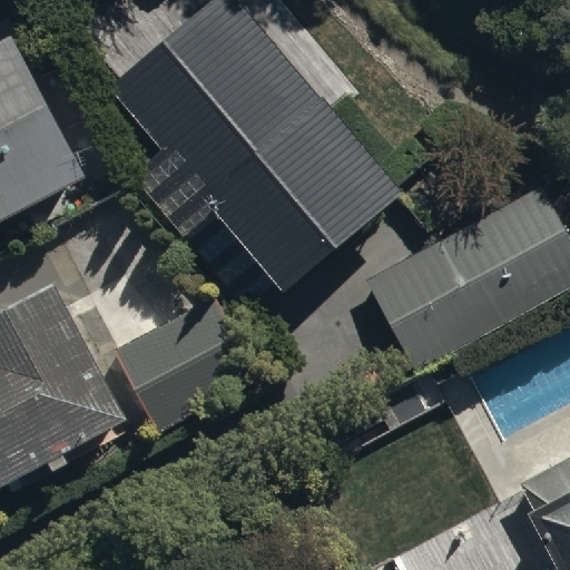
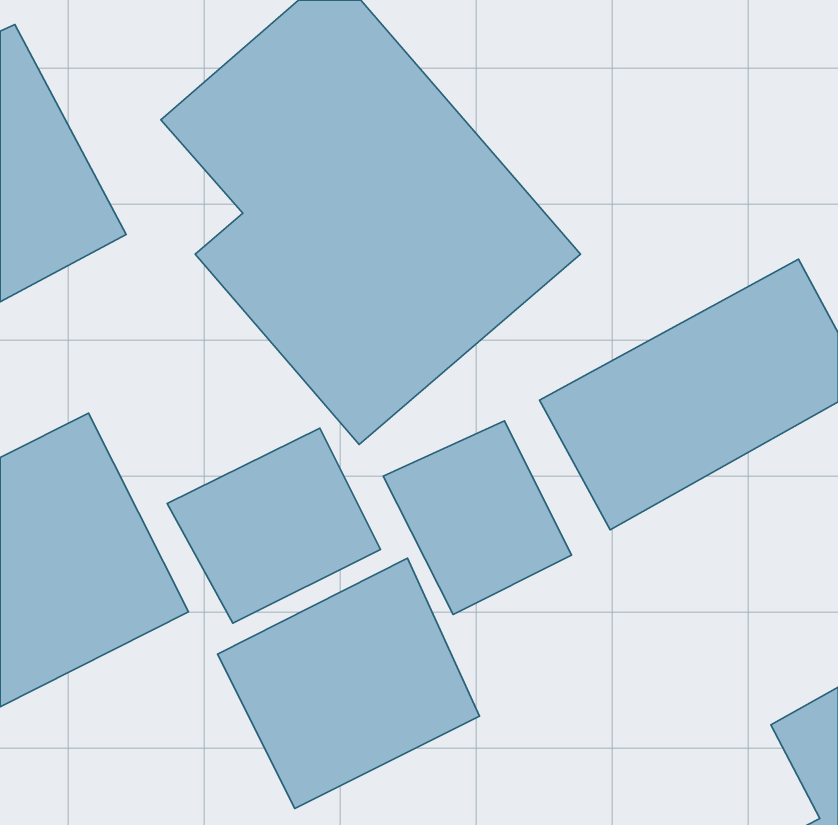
building: none -> [383,421,572,614]
building: none -> [218,558,479,809]

